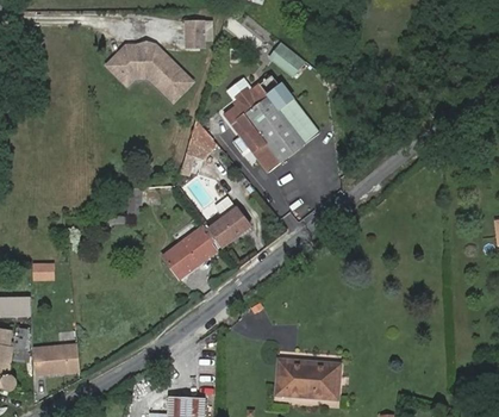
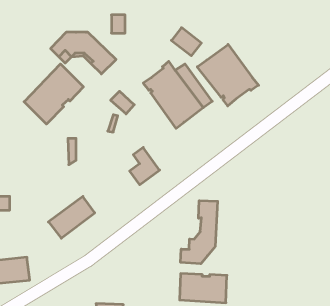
building: none -> [197,44,259,106]
building: none -> [24,64,83,124]
building: [162,224,223,279] -> [48,196,95,238]
building: none -> [181,201,218,264]

